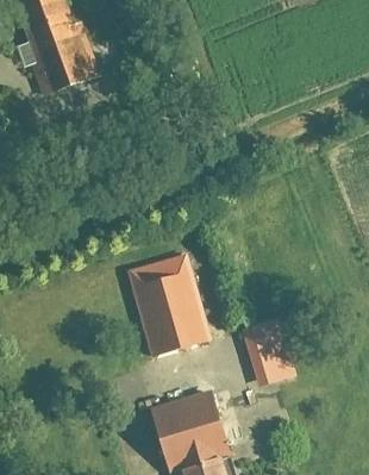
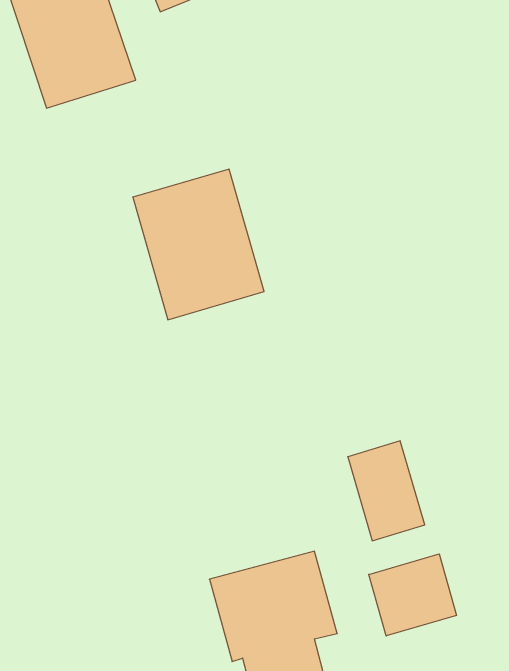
building: [125,254,214,356] -> [133,169,264,320]
building: none -> [369,554,457,636]

